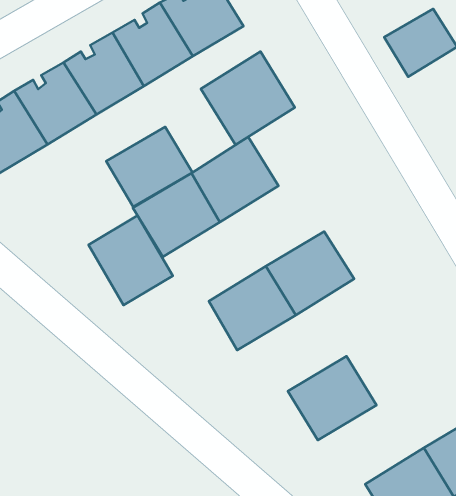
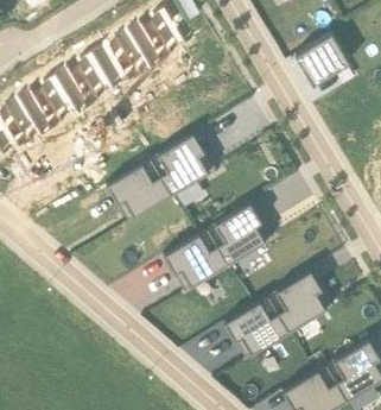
building: [201,52,295,145] -> none
building: [106,127,192,207] -> none
building: [88,215,173,305] -> none
building: none -> [269,267,336,330]

